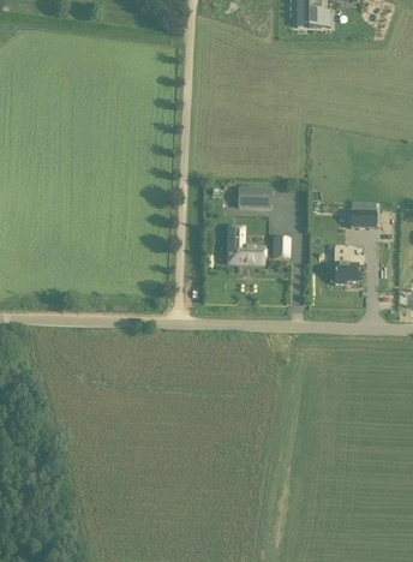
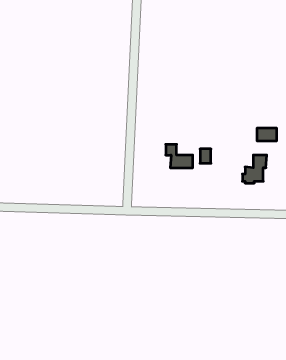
building: [237,185,269,204] -> none

